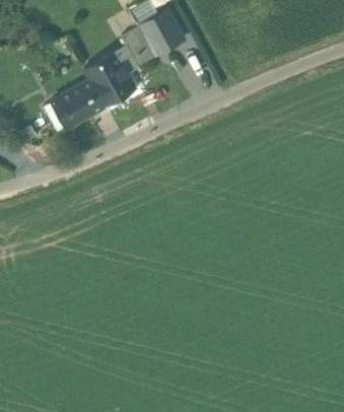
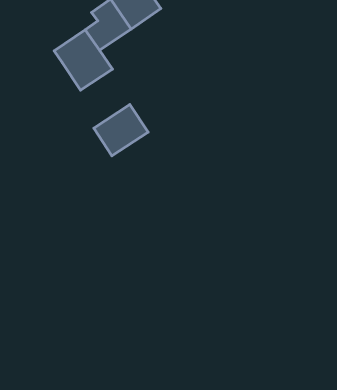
building: [56,80,105,125] -> [94,105,148,156]

